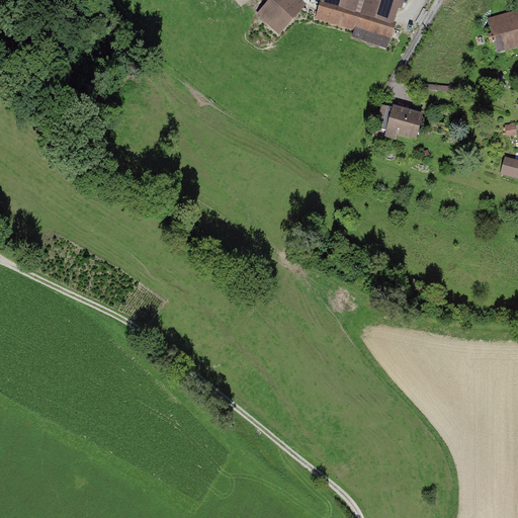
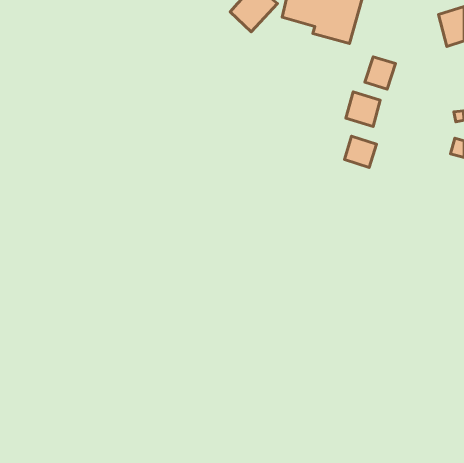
building: none -> [365,57,395,89]
building: none -> [344,136,376,168]

